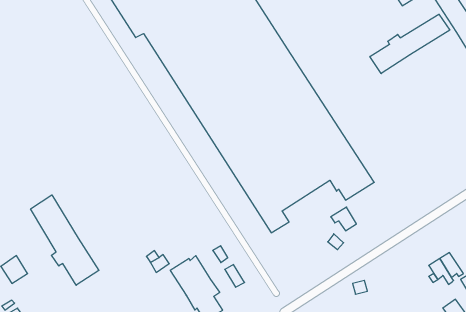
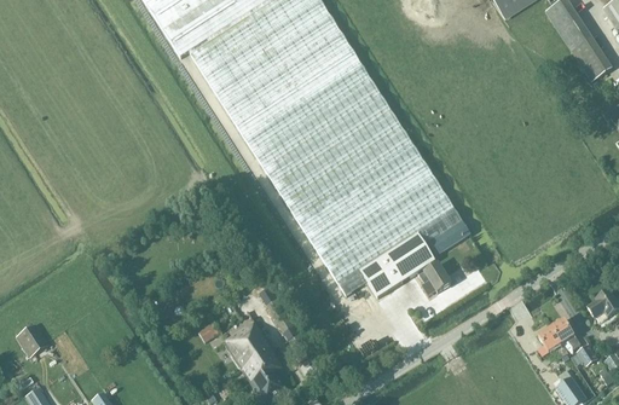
building: [370,14,450,74] -> none
building: none -> [358,230,434,296]
building: [31,195,99,285] -> none

